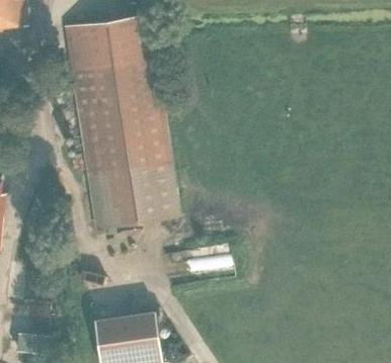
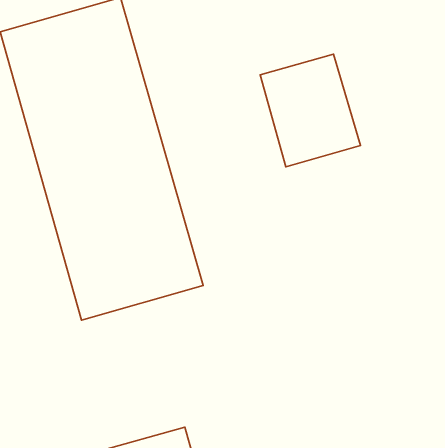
building: none -> [260,54,361,167]

